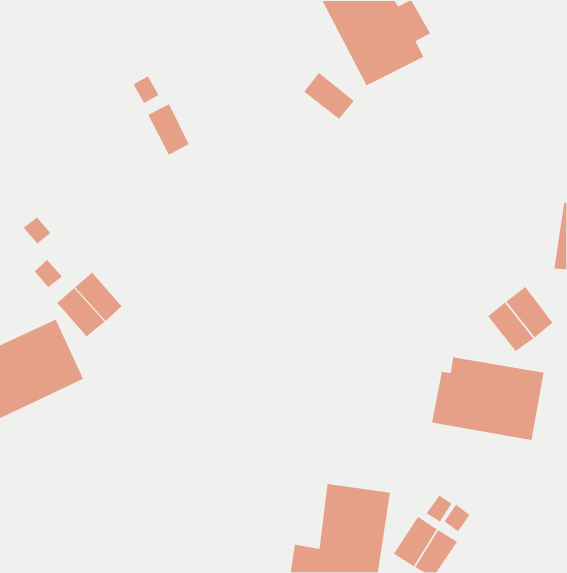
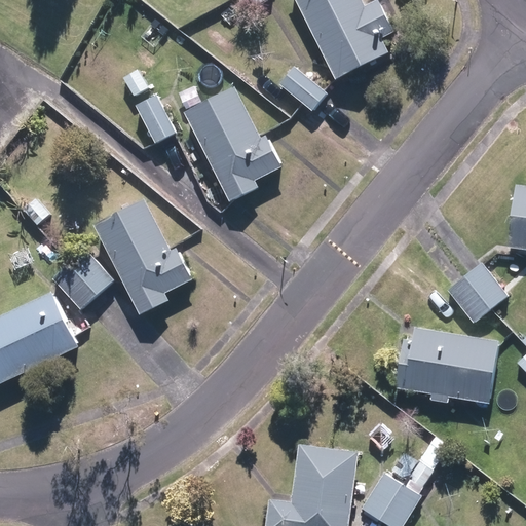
building: none -> [184,87,280,201]
building: none -> [93,199,192,314]

